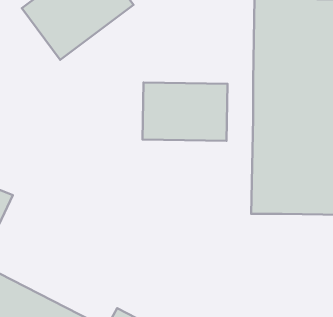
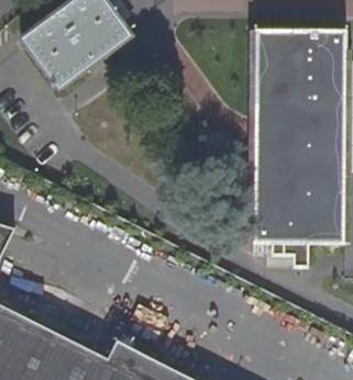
building: [143,83,227,141] -> none

